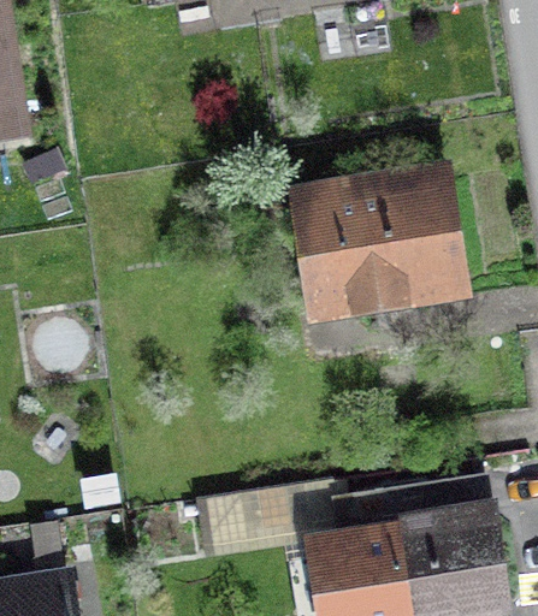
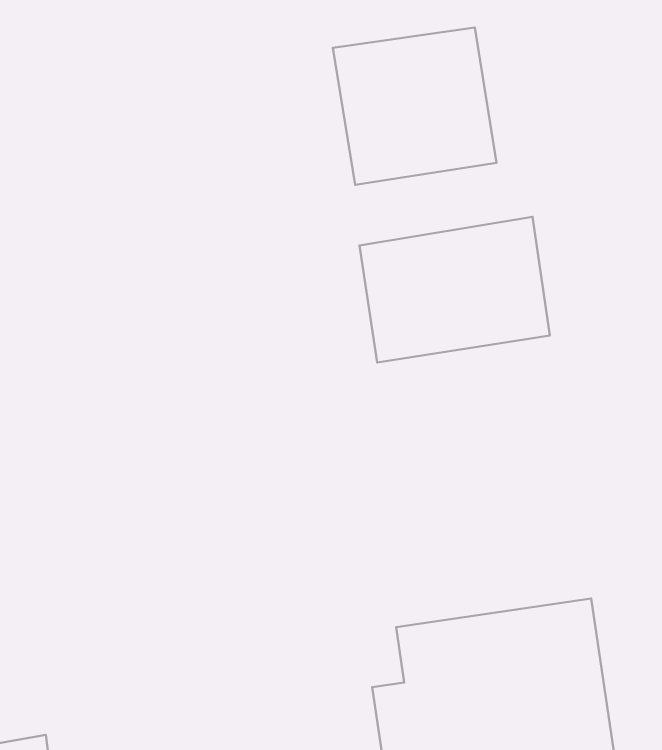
building: none -> [333,27,497,185]

